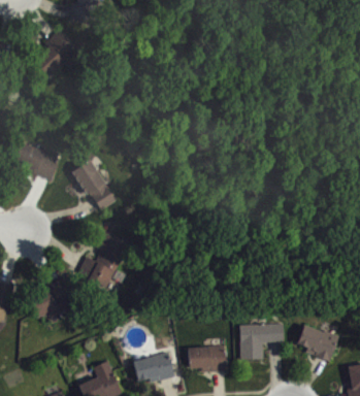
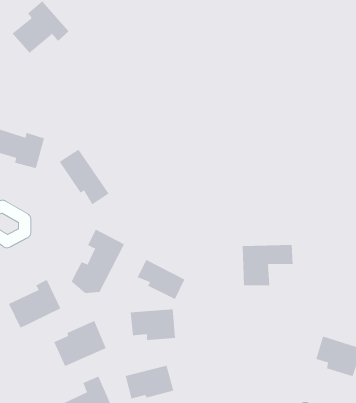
building: none -> [137,259,185,300]
building: none -> [53,320,106,367]
building: [239,323,285,359] -> [242,245,294,286]
building: [187,343,227,371] -> [130,309,176,341]

